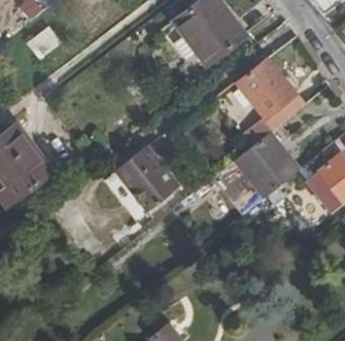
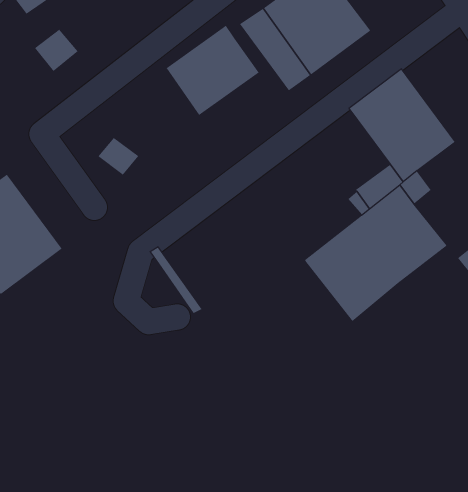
building: none -> [166,25,260,116]
building: [116,144,180,208] -> none

